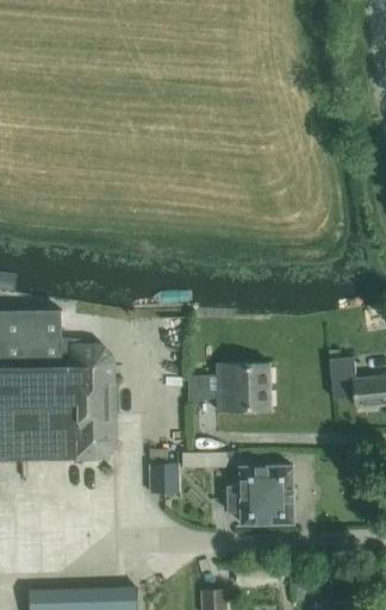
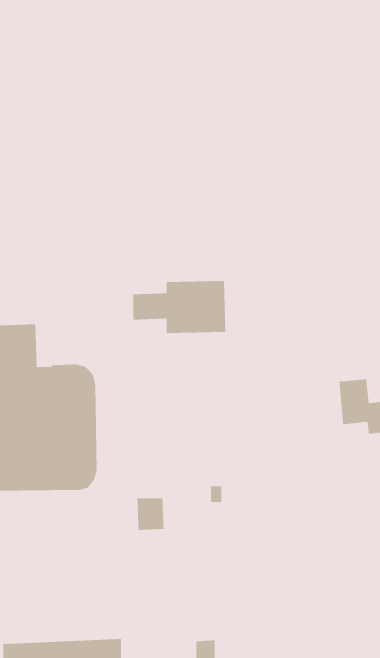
building: [187,363,270,411] -> [132,280,226,334]
building: [228,466,293,524] -> none

